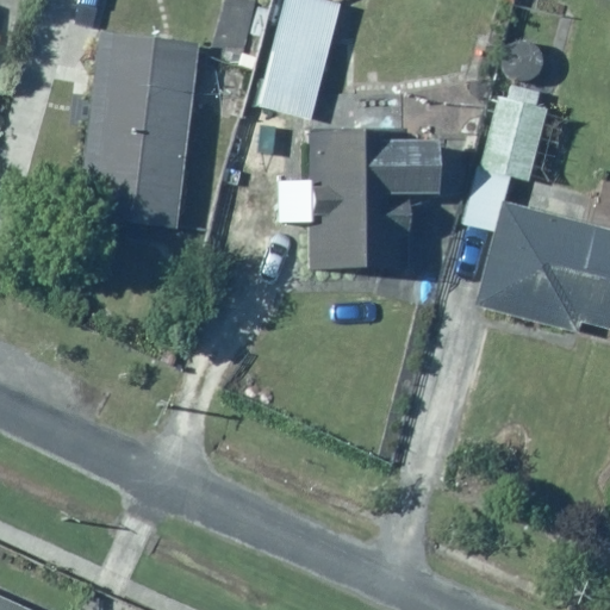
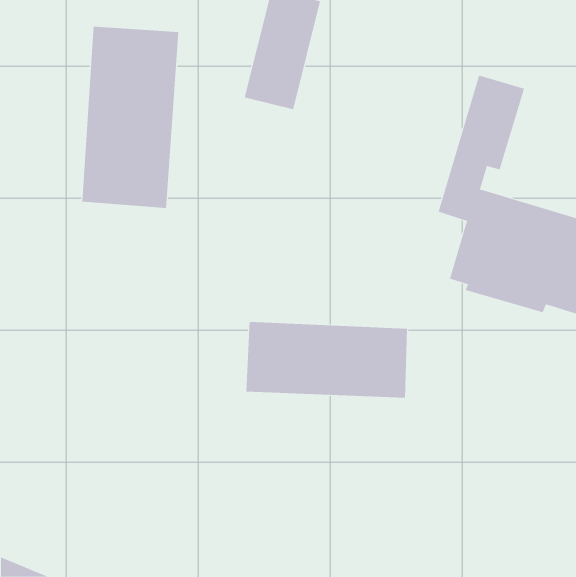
building: [284,148,437,275] -> none
building: none -> [246,321,407,398]

